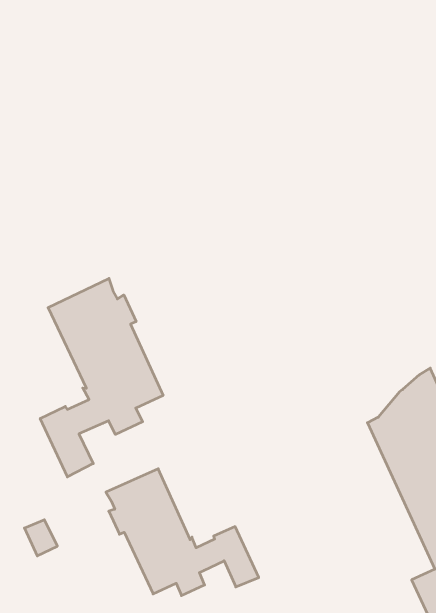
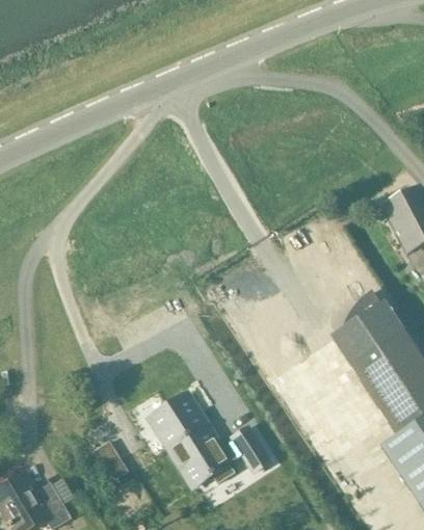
building: [40,278,163,477] -> none

